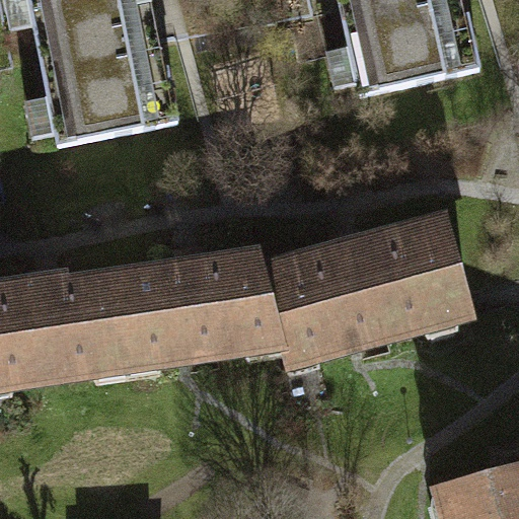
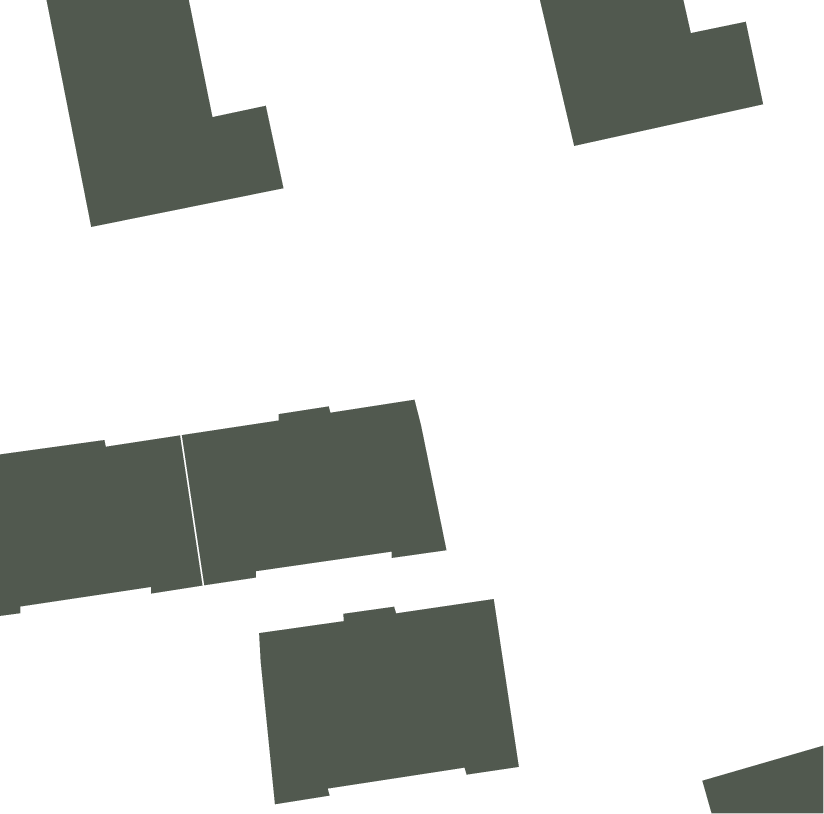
building: [265,218,470,367] -> none
building: none -> [258,598,520,805]

